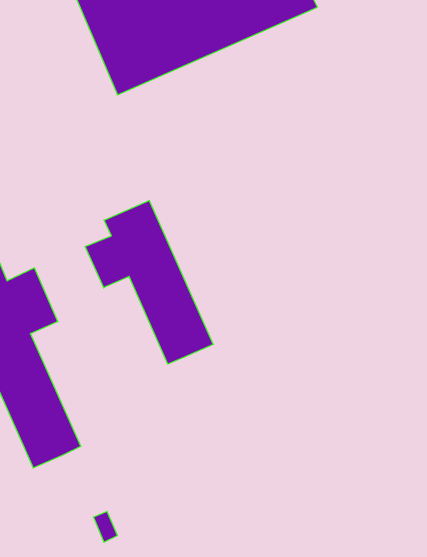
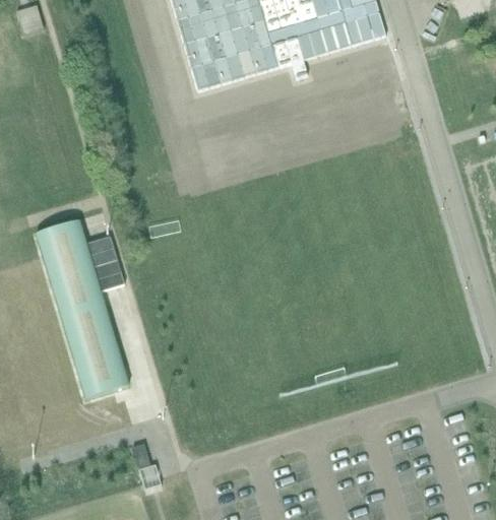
building: [85,200,213,364] -> none

